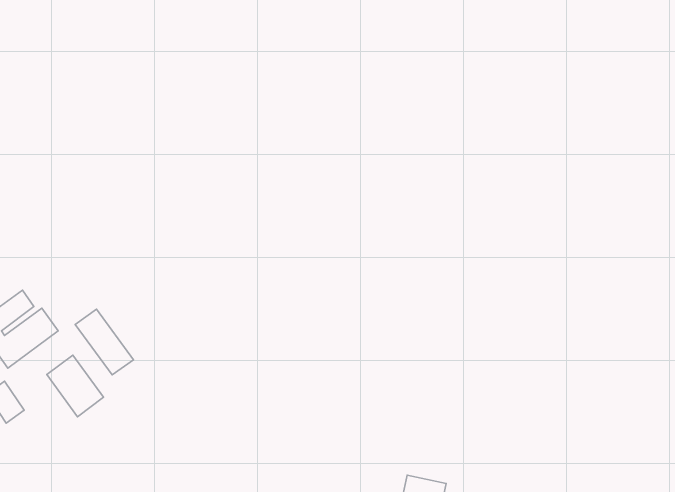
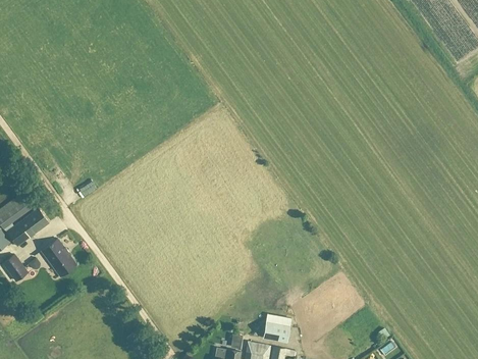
building: [75,309,134,375] -> none

